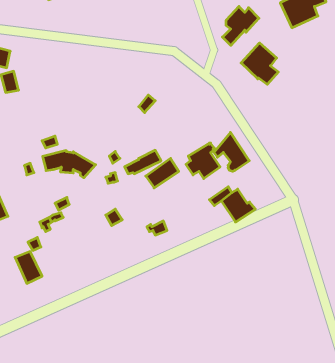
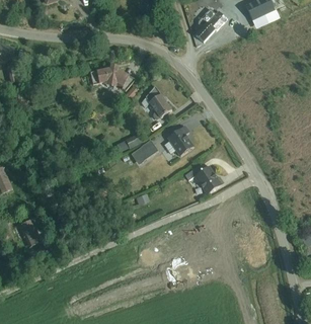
building: [241,43,278,84] -> none
building: [214,132,249,171] -> [142,85,172,118]
building: [43,151,96,178] -> [89,67,135,90]

